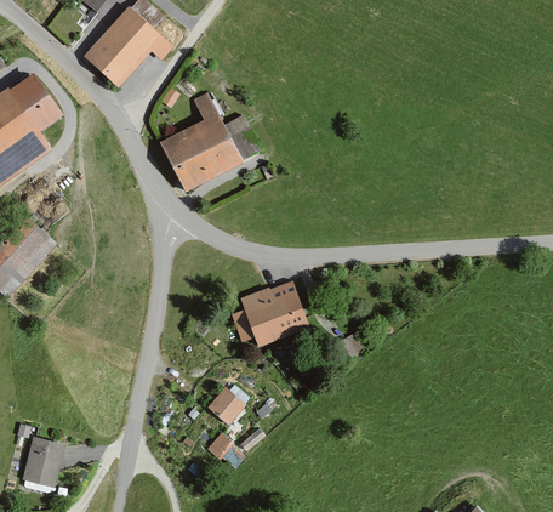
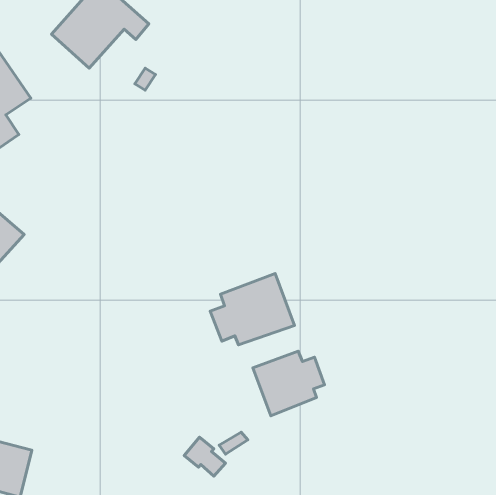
building: [159,92,261,192] -> none
building: none -> [253,351,324,416]
building: [206,386,246,425] -> none

